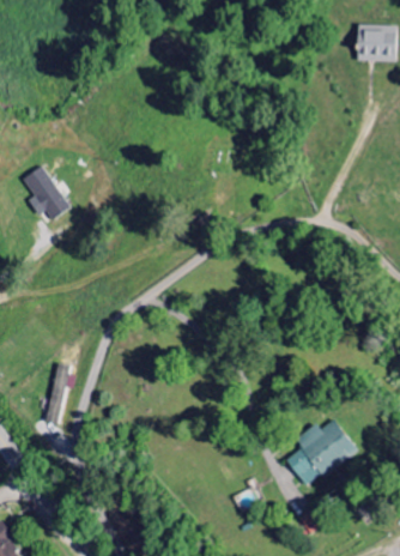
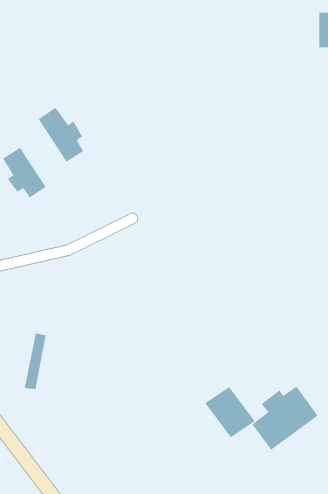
building: none -> [38,107,84,163]
building: none -> [205,386,255,438]

